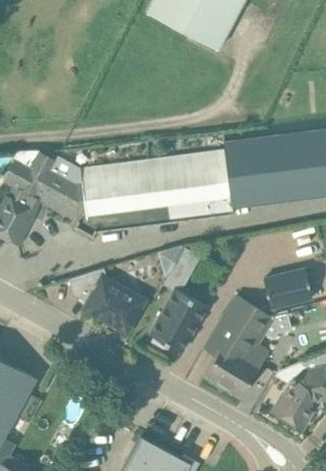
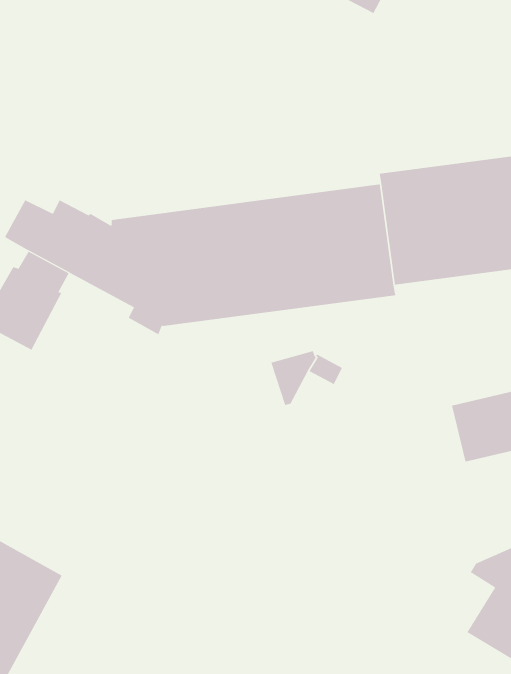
building: [71,267,146,331] -> none
building: [151,288,209,351] -> none
building: [205,295,278,395] -> none

